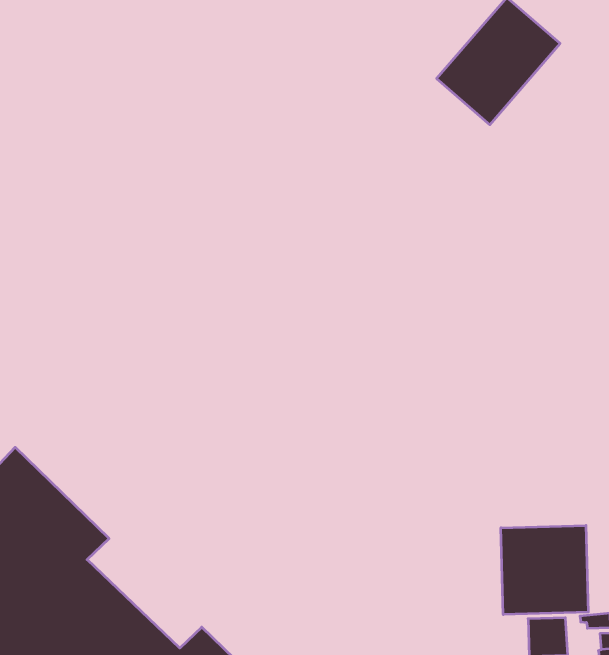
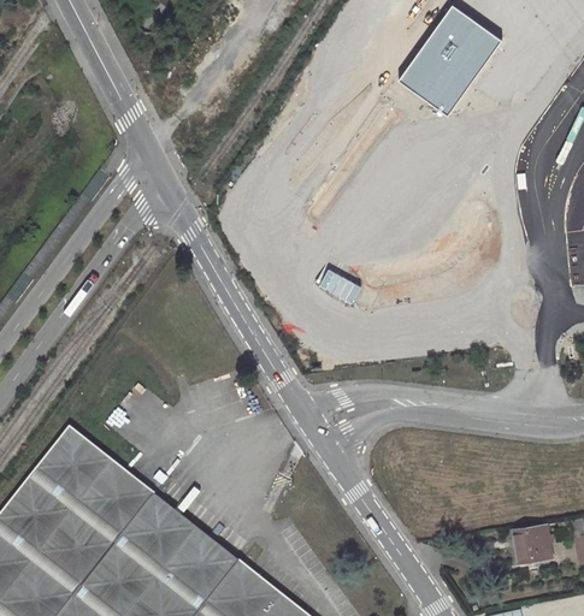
building: [501,525,588,615] -> none
building: none -> [138,493,240,580]

